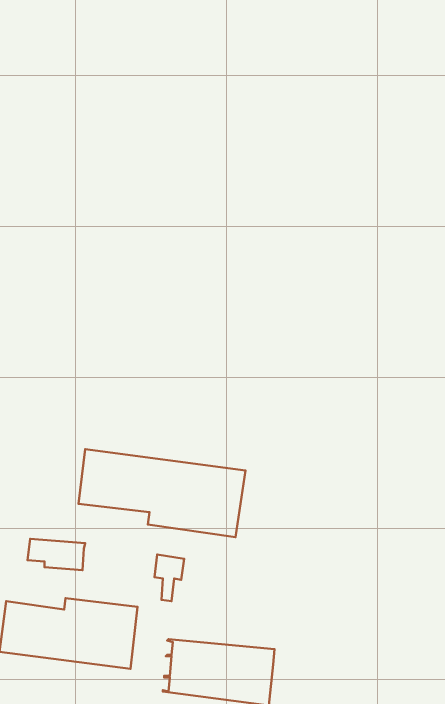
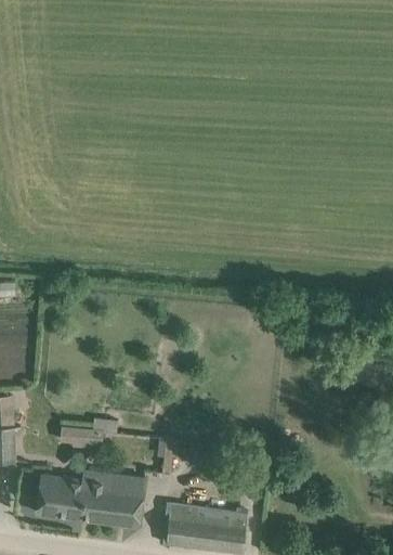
building: [78,449,246,537] -> none

